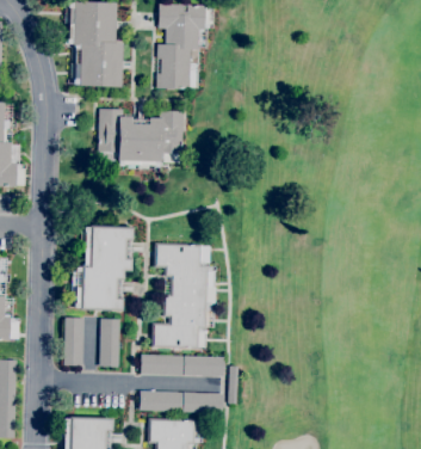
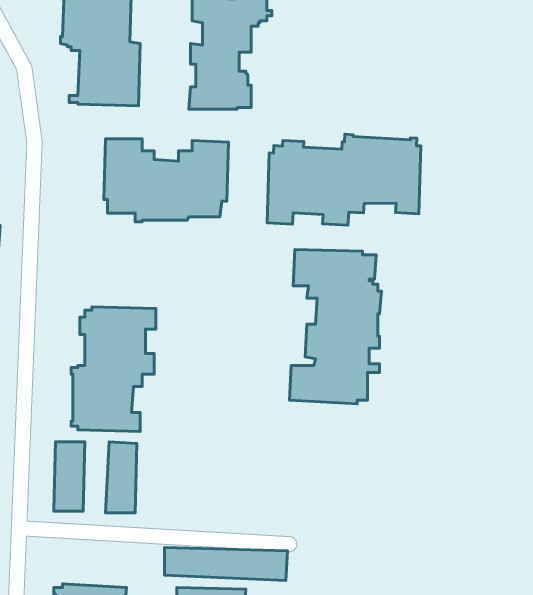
building: none -> [267,134,421,225]
building: [151,242,215,349] -> [290,250,381,404]
building: [141,355,224,376] -> none

